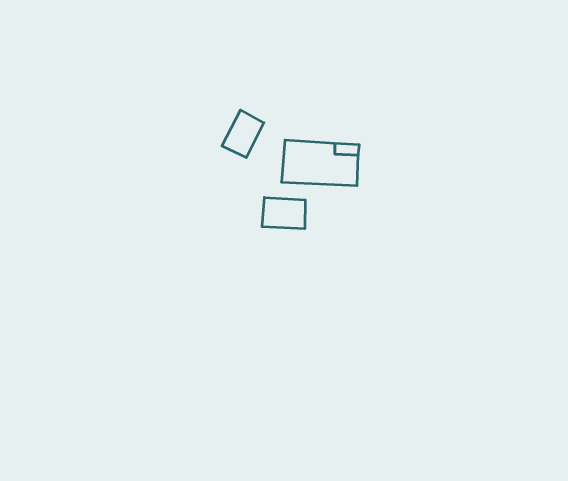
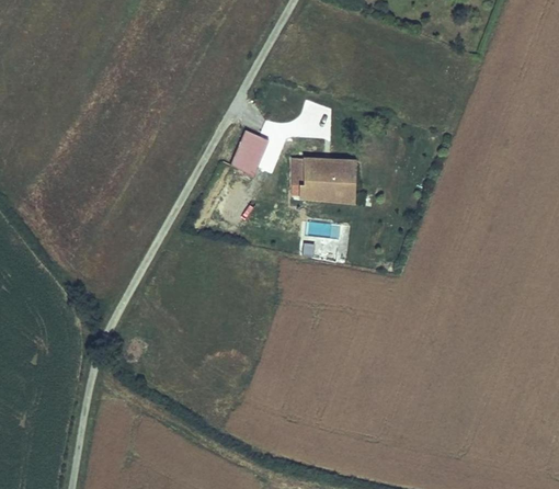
building: [262,197,305,229] -> none

